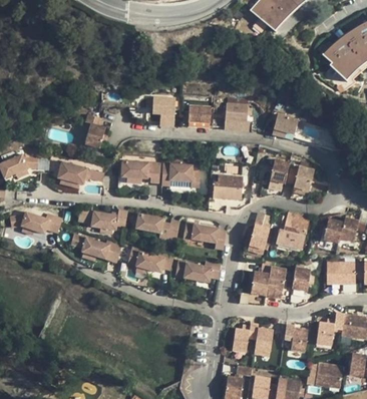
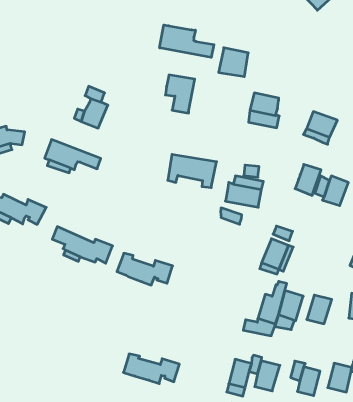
building: none -> [160,25,214,57]
building: [188,105,211,127] -> [219,48,248,77]
building: [121,160,160,182] -> none
building: [78,209,127,230] -> none
building: [135,215,178,243] -> none
building: [276,215,309,249] -> none
building: [183,222,228,251] -> none
building: [175,261,222,283] -> [123,354,179,384]

